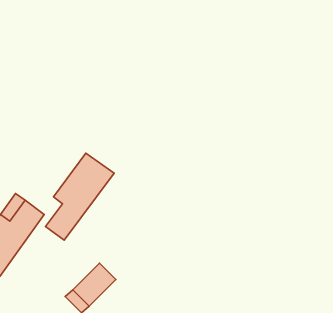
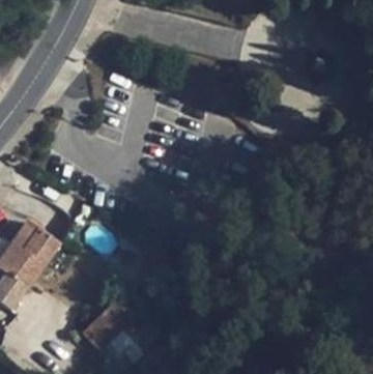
building: [45,153,114,240] -> none

